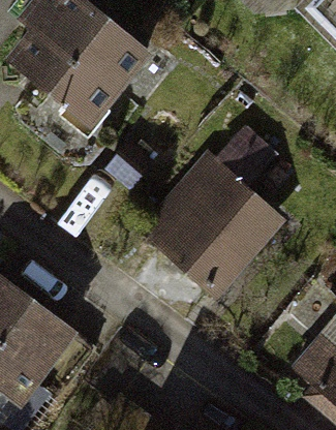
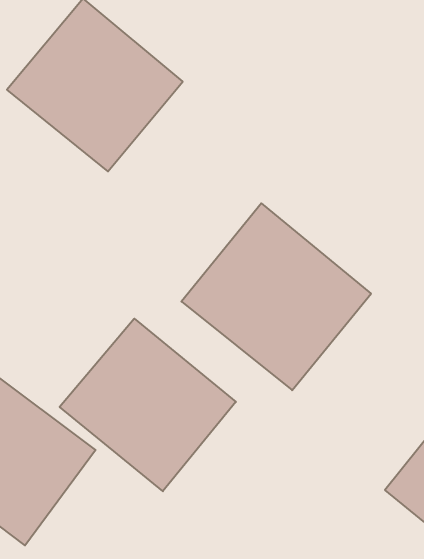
building: none -> [60,319,236,491]

